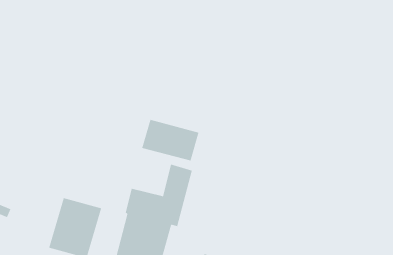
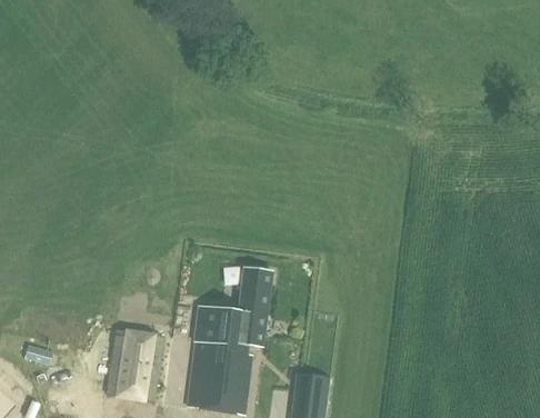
building: [141,119,200,162] -> none

